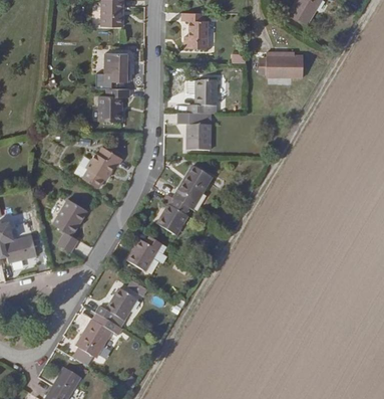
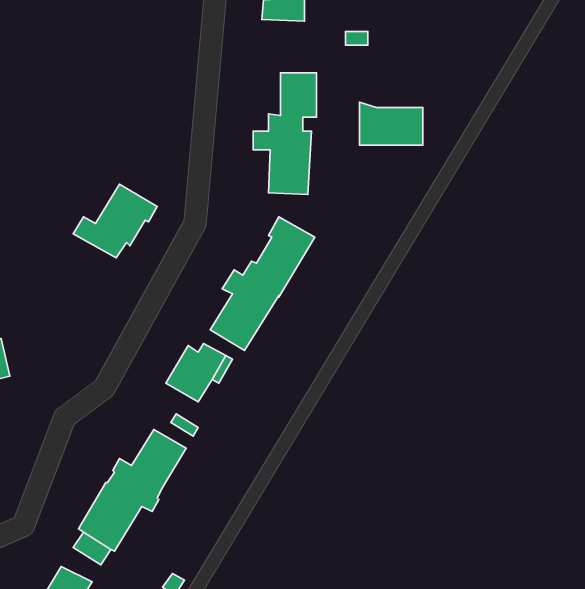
building: [266,49,303,74] -> [360,102,423,145]
building: [104,51,130,80] -> none
building: [98,86,129,120] -> none
building: [54,196,88,250] -> none

